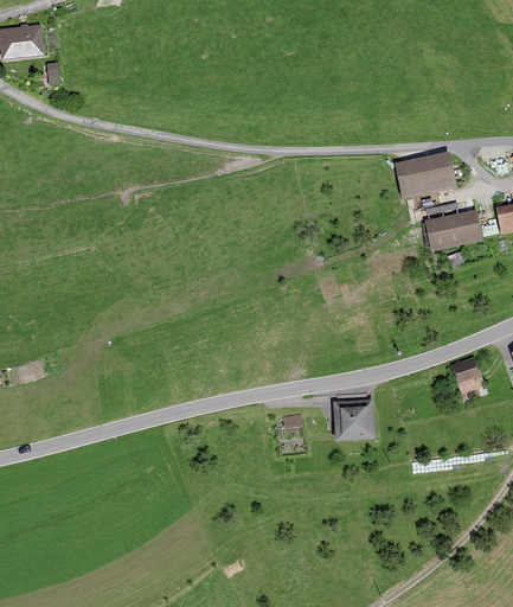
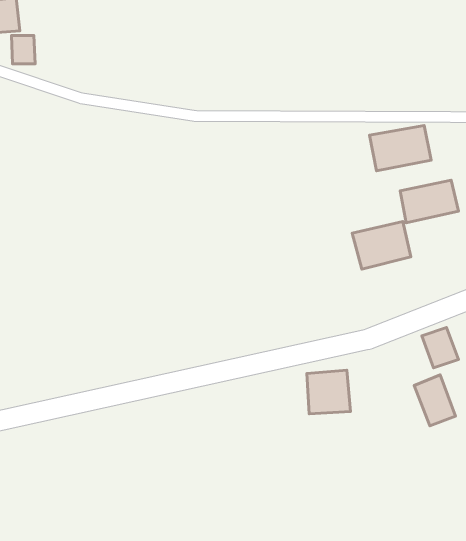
building: none -> [352,222,411,269]
building: none -> [414,375,456,426]

